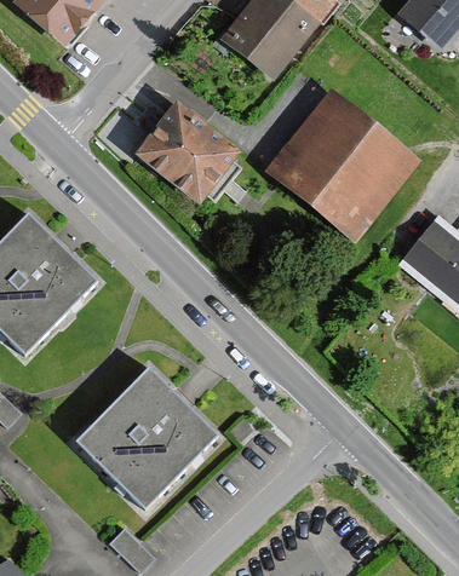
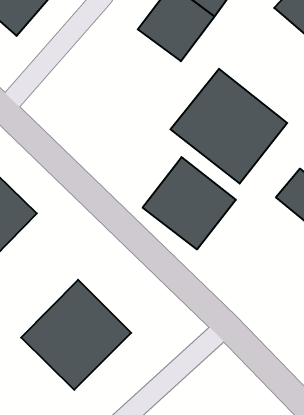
building: [136,102,248,209] -> none
building: none -> [143,157,236,249]

